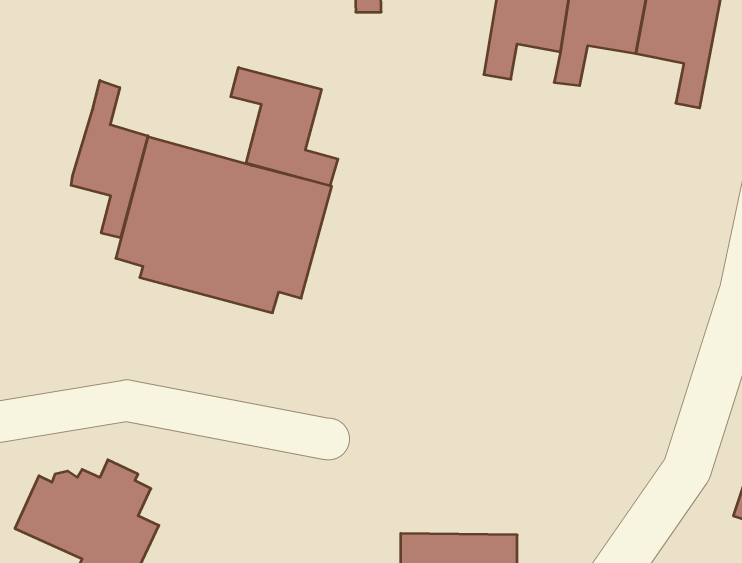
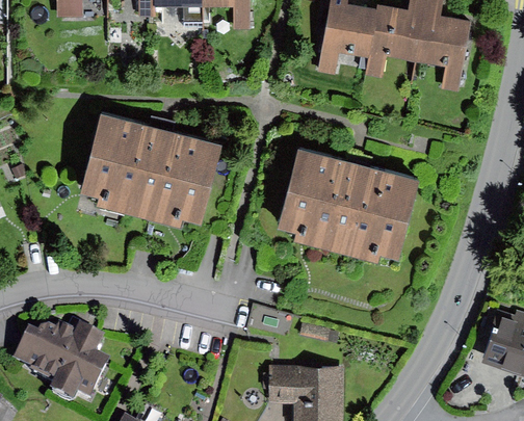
building: [231,67,338,186] -> none
building: [71,80,148,238] -> none
building: none -> [278,143,421,259]

